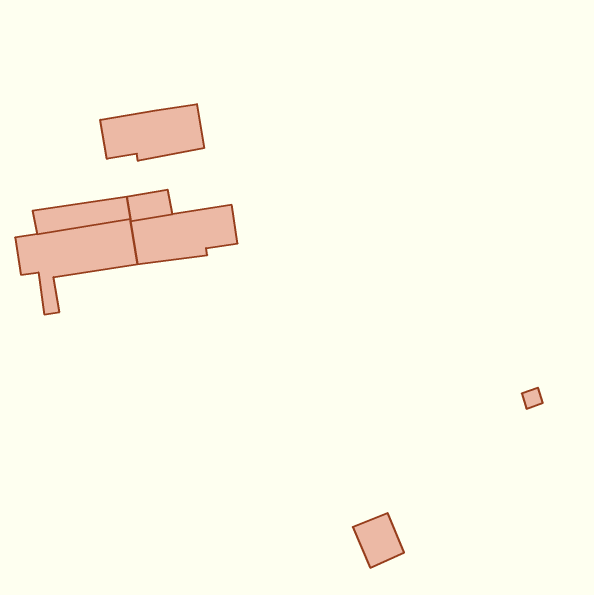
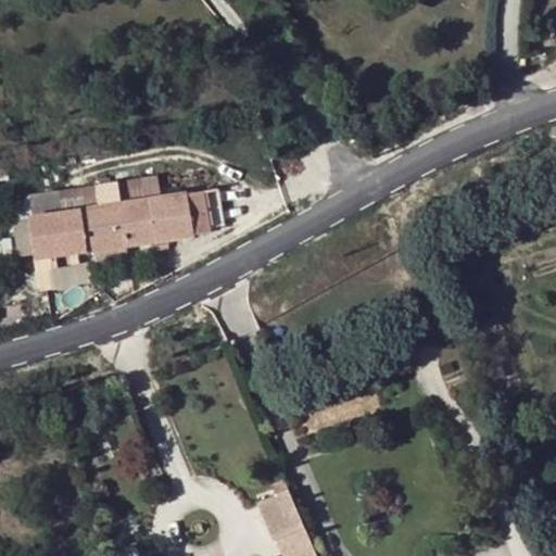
building: [100,104,204,161] -> none
building: [353,513,404,568] -> [257,491,305,542]

